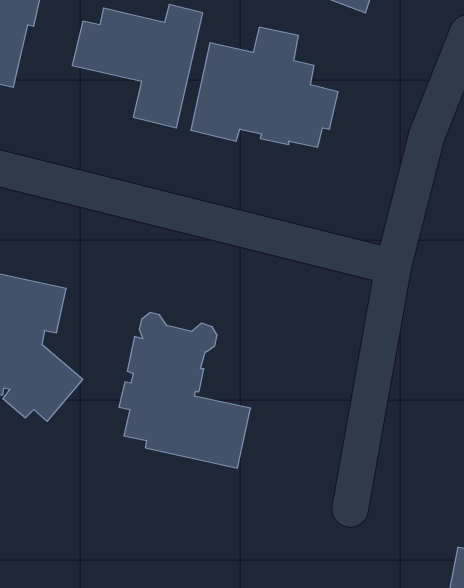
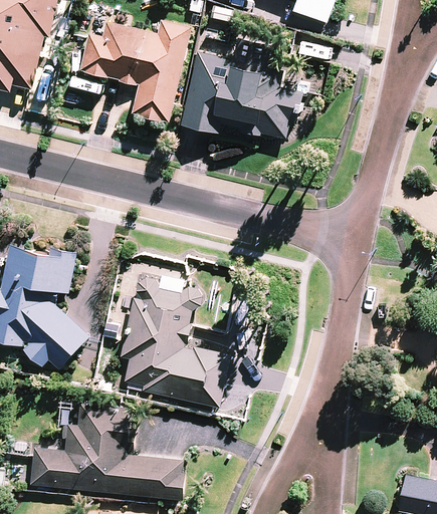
building: none -> [28,404,184,500]

